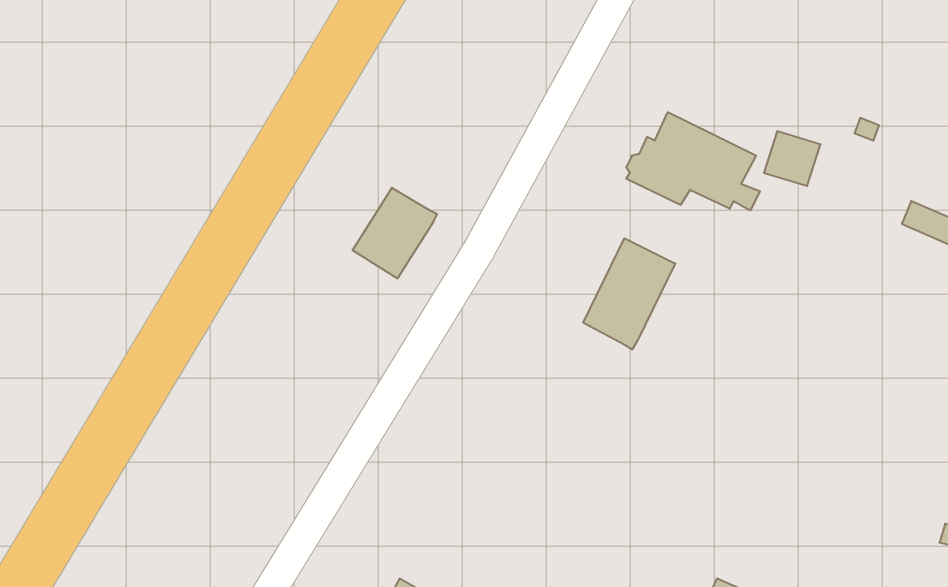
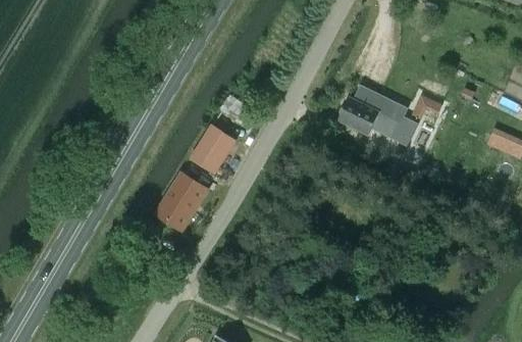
building: [583,238,675,350] -> none
building: none -> [156,173,208,231]

